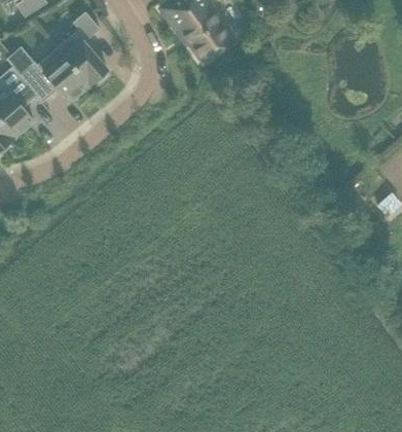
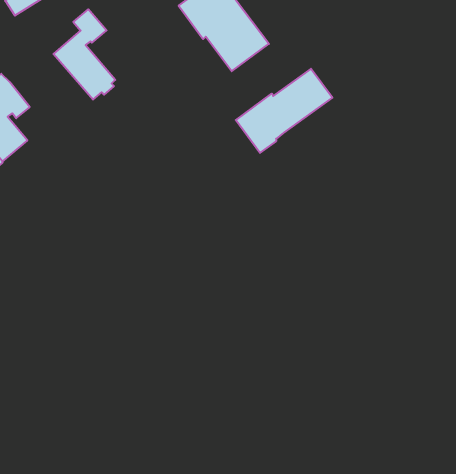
building: [20,47,88,102] -> none
building: none -> [236,69,332,153]

